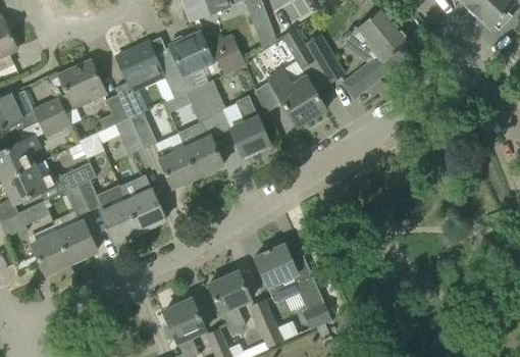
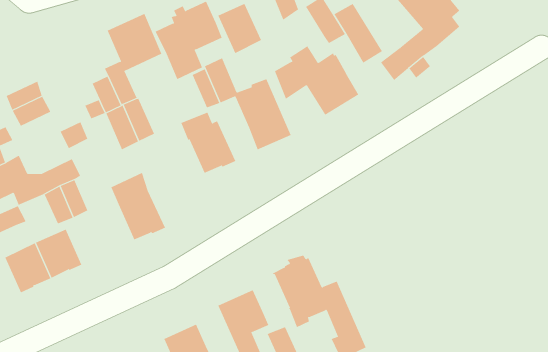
building: [58,60,105,104] -> none
building: [157,147,197,188] -> none
building: [100,200,139,243] -> none

